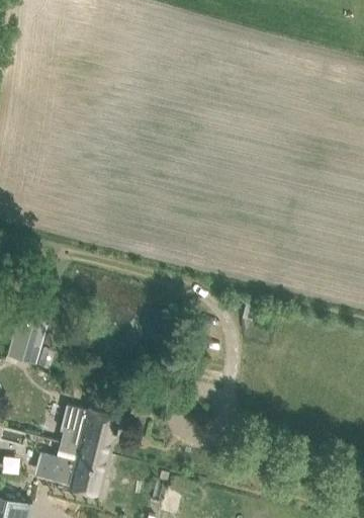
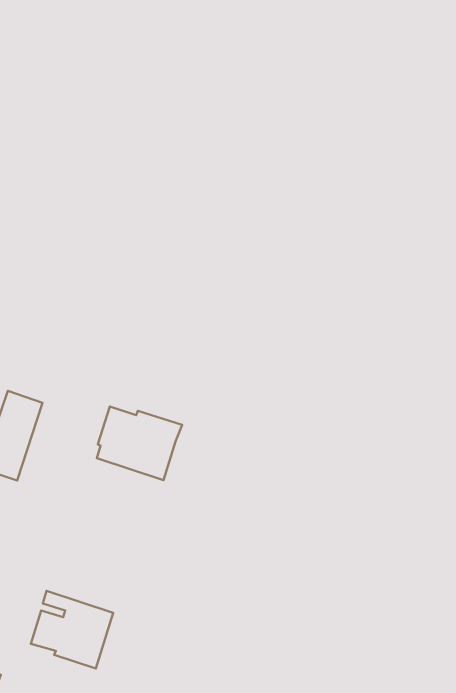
building: [58,405,117,455] -> [97,407,182,480]

